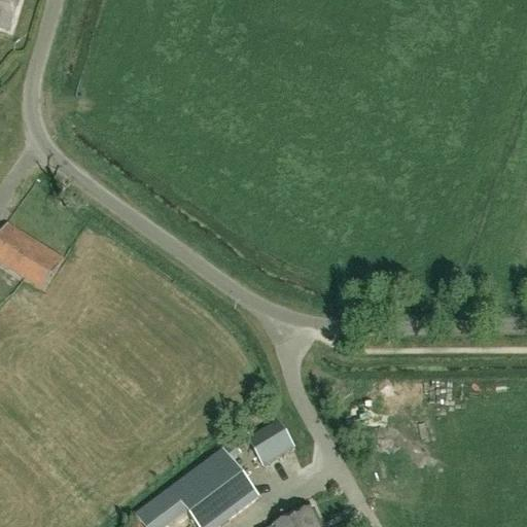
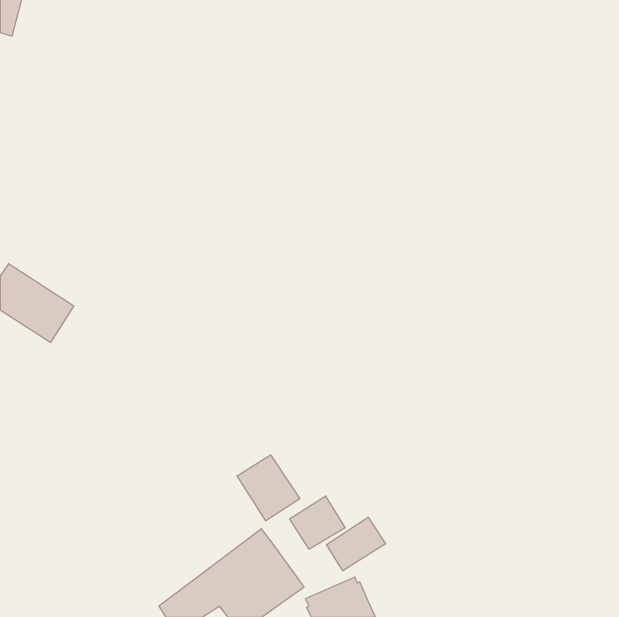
building: none -> [237,455,300,521]
building: none -> [327,517,386,571]

